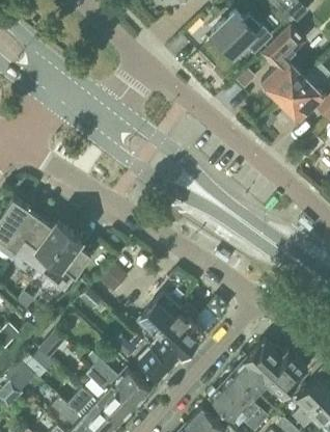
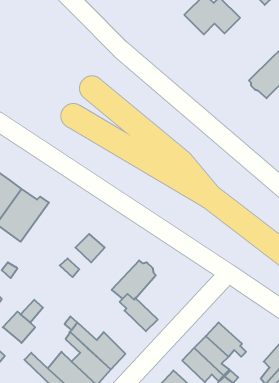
building: [262,26,306,103] -> none
building: [38,232,91,292] -> none
building: [160,303,204,355] -> none
building: [114,335,171,382] -> none
building: [248,342,307,392] -> none

